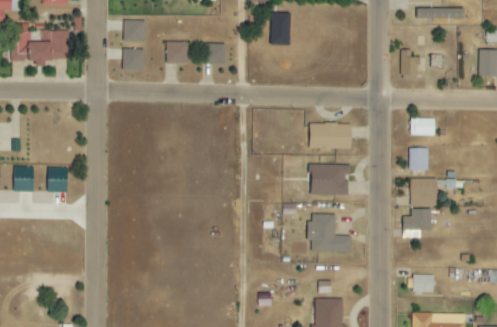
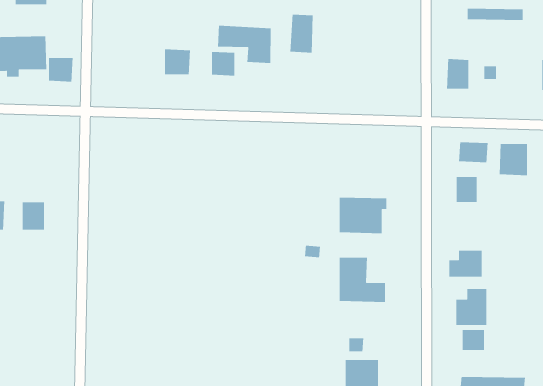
building: [123,20,145,41] -> none
building: none -> [217,25,272,64]
building: [123,49,144,70] -> [48,57,73,82]
building: none -> [499,143,528,176]
building: [309,122,352,150] -> none
building: [409,178,436,204] -> none
building: none -> [456,288,487,326]

